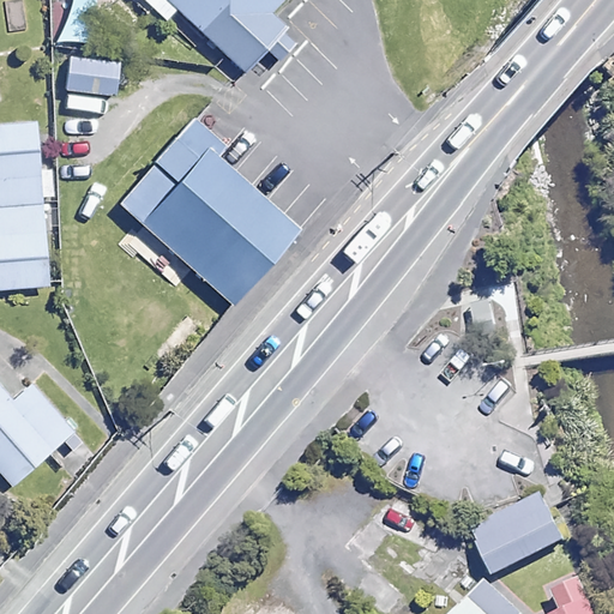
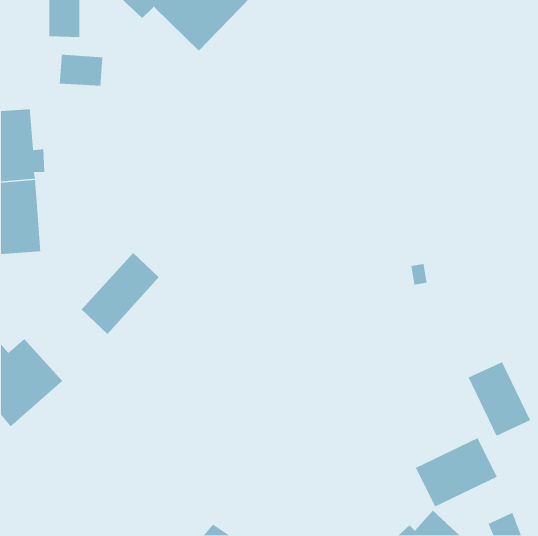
building: [114,118,290,291] -> none
building: none -> [81,252,160,335]
building: none -> [468,361,531,437]

